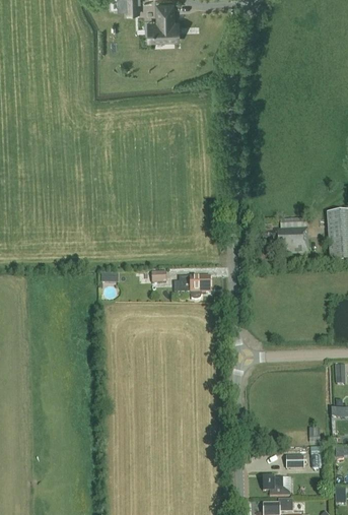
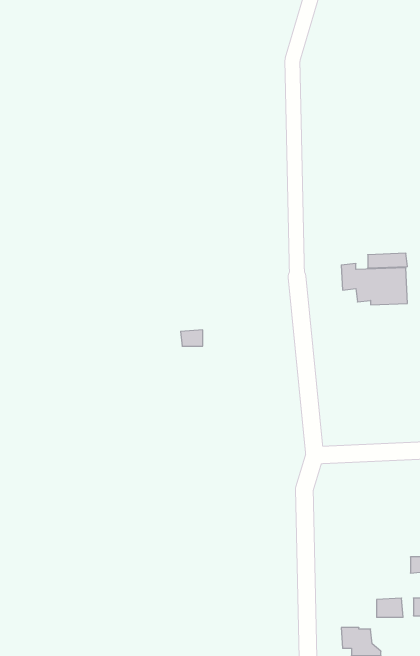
building: [173,274,209,298] -> none

